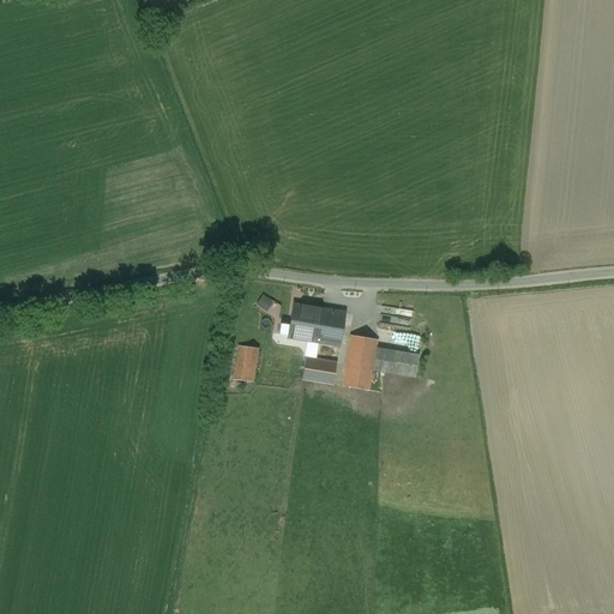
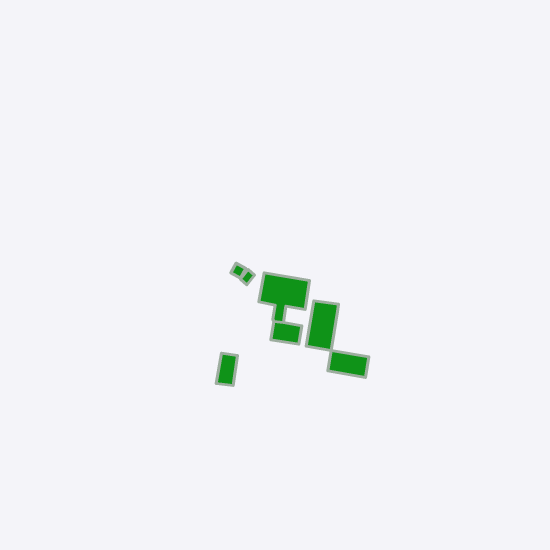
building: [234,345,258,381] -> [216,353,238,386]
building: [373,347,419,377] -> [328,350,369,377]

